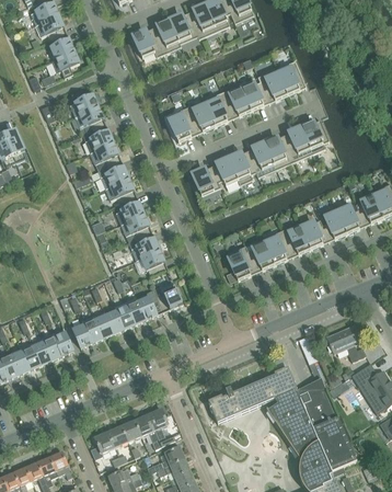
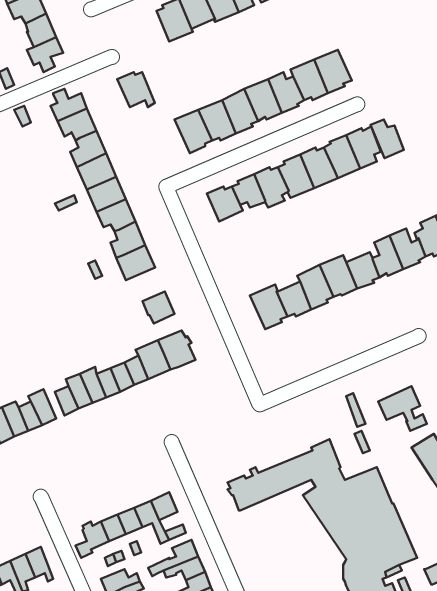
building: [131,28,161,56] -> [117,72,155,107]
building: none -> [370,119,404,158]
building: [127,230,158,259] -> none

